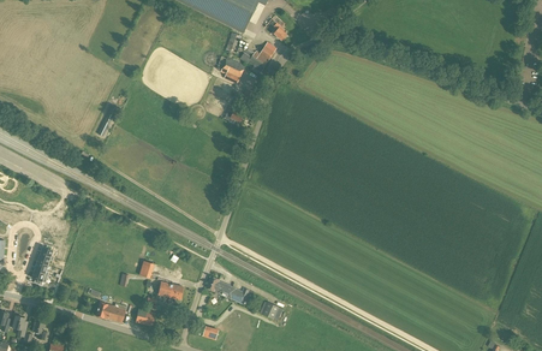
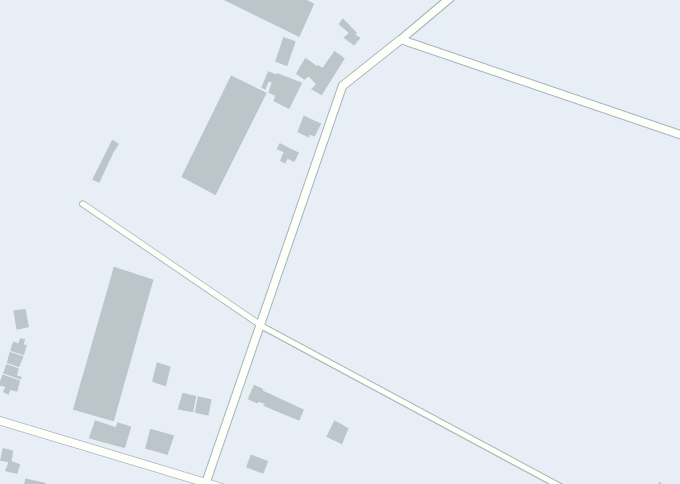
building: none -> [181,75,267,196]
building: none -> [72,266,154,422]

